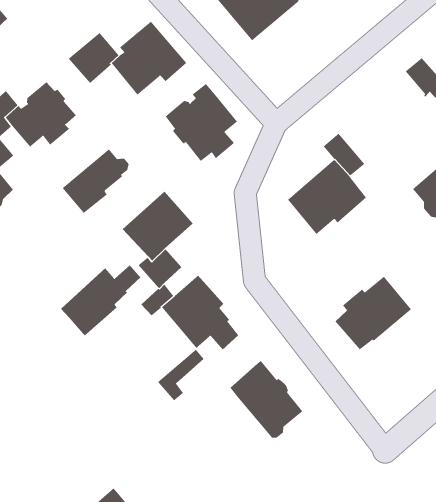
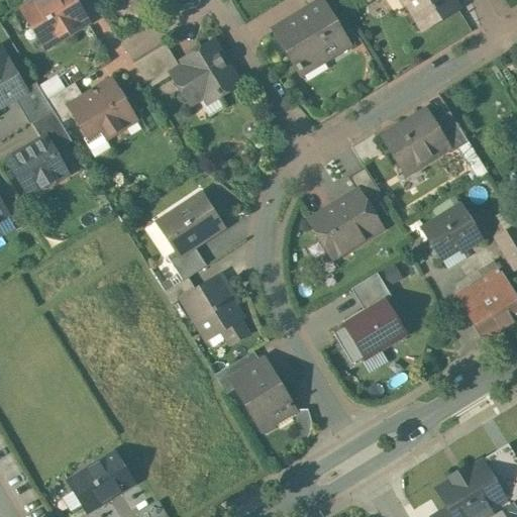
building: none -> [385,111,447,163]
building: [165,83,238,162] -> none
building: [62,149,129,214] -> none
building: none -> [352,273,394,312]
building: [60,264,141,336] -> none
building: [157,349,204,401] -> [215,350,261,394]

